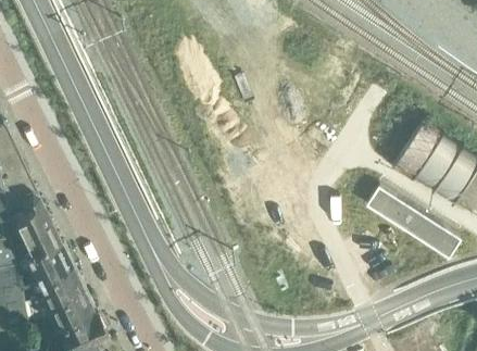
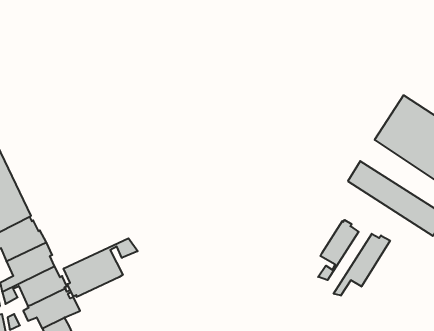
building: none -> [318,220,359,280]
building: none -> [334,234,390,296]
building: none -> [64,238,138,297]

